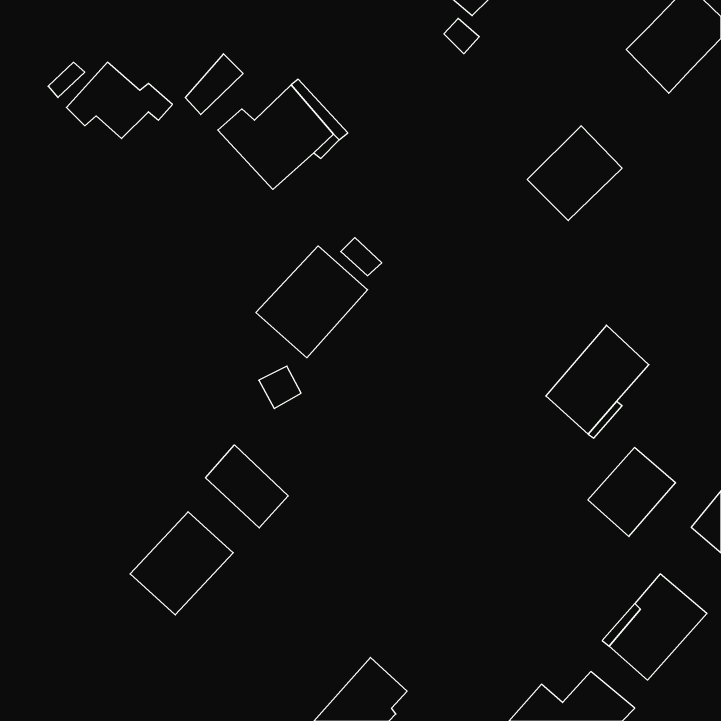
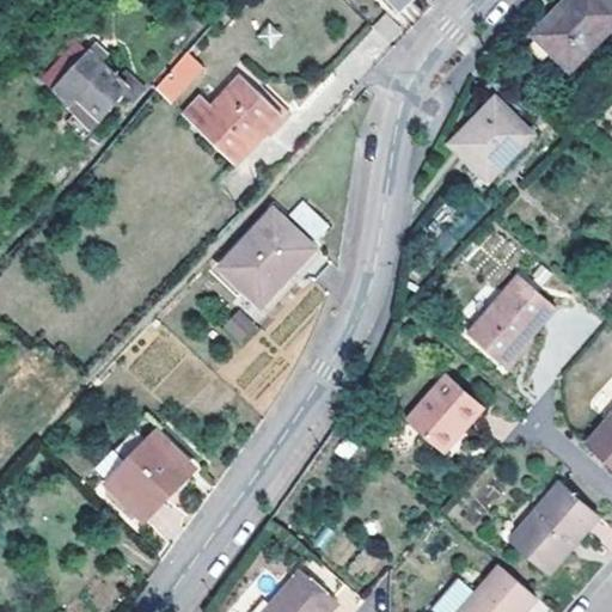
building: [206,445,288,528] -> none
building: [588,448,676,537] -> [406,377,481,452]

